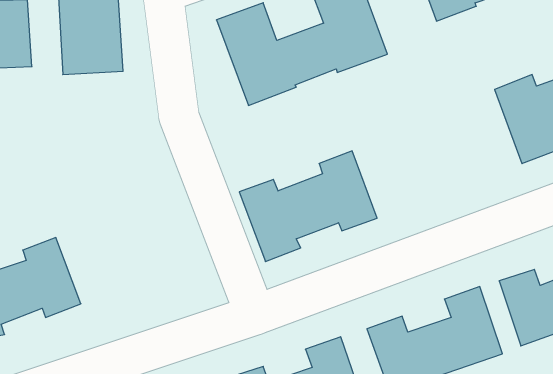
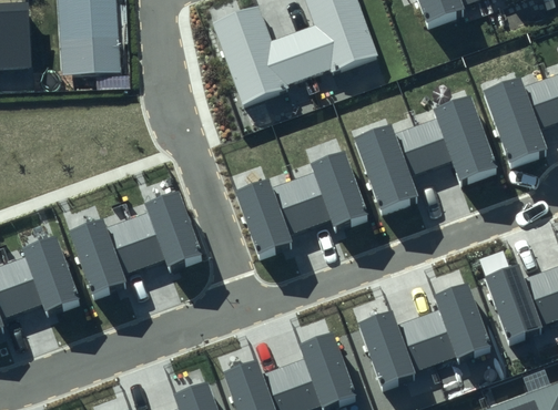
building: none -> [353,95,497,209]
building: none -> [69,192,203,299]

